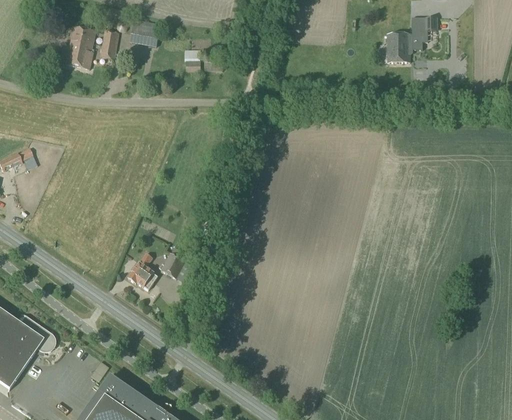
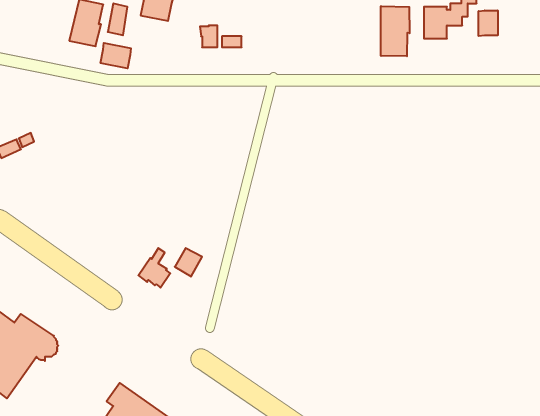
building: none -> [381,6,410,56]
building: none -> [479,10,498,36]
building: none -> [101,43,131,68]

